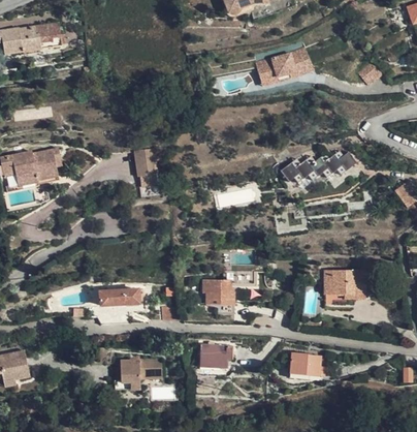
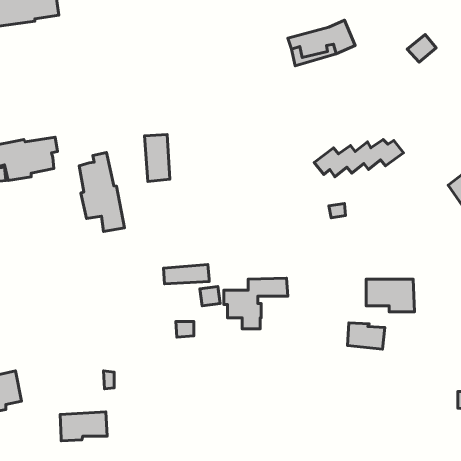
building: none -> [79,152,125,231]
building: [99,288,138,305] -> [163,265,209,284]
building: [200,344,231,367] -> none
building: [289,351,321,374] -> [347,323,385,349]
building: [120,357,160,381] -> [60,412,107,441]

